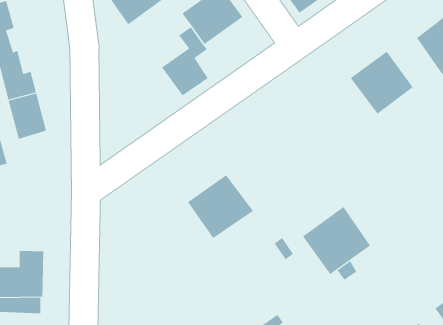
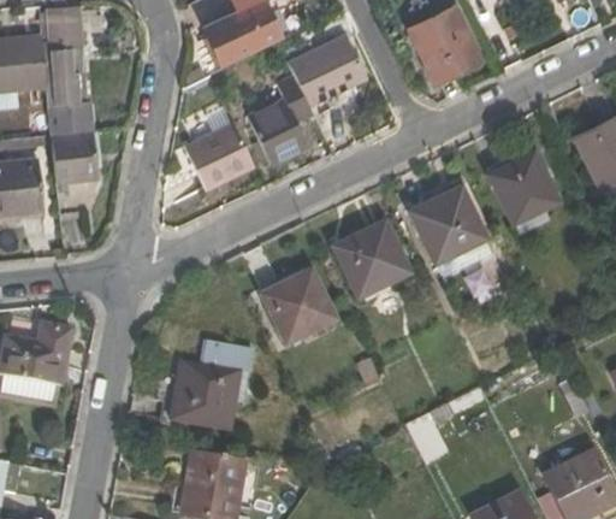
building: none -> [185,119,255,185]
building: none -> [407,182,490,263]
building: [302,206,371,275] -> [330,218,413,300]
building: none -> [170,338,255,431]

